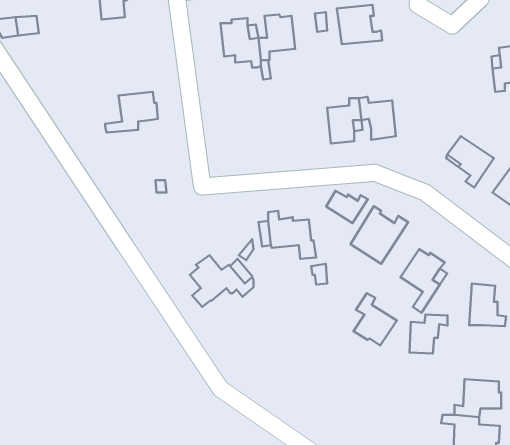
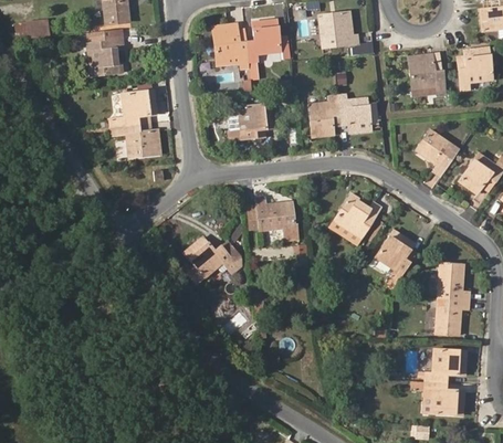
building: none -> [86,29,124,76]
building: none -> [408,54,444,93]
building: none -> [228,104,273,140]
building: none -> [109,125,159,158]
building: [326,191,368,223] -> none
building: [353,293,397,346] -> none
building: [410,314,448,354] -> [434,300,469,336]

